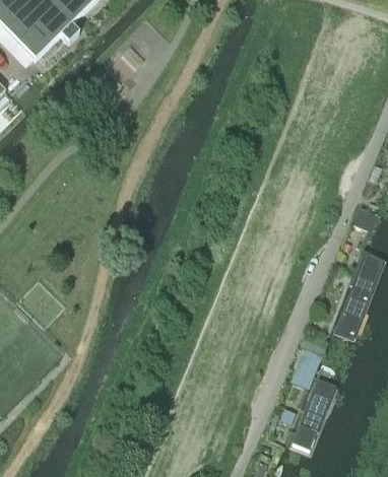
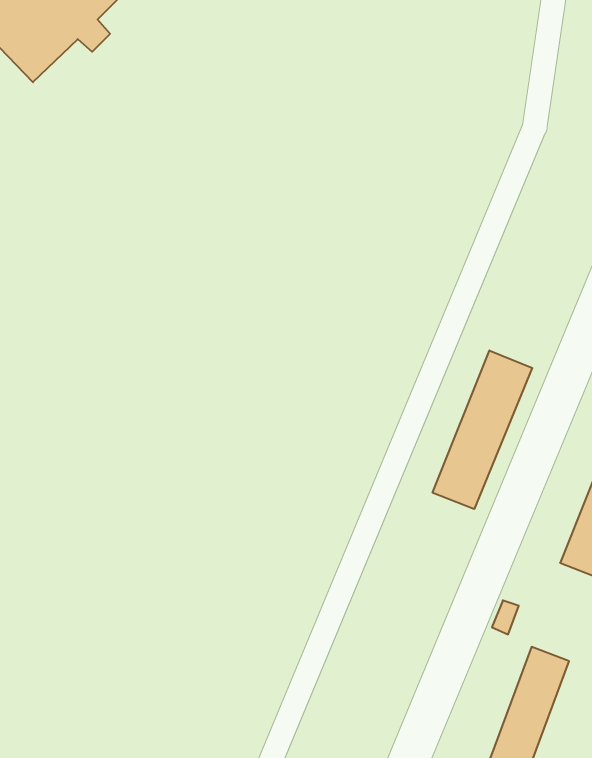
building: none -> [433,350,532,509]

